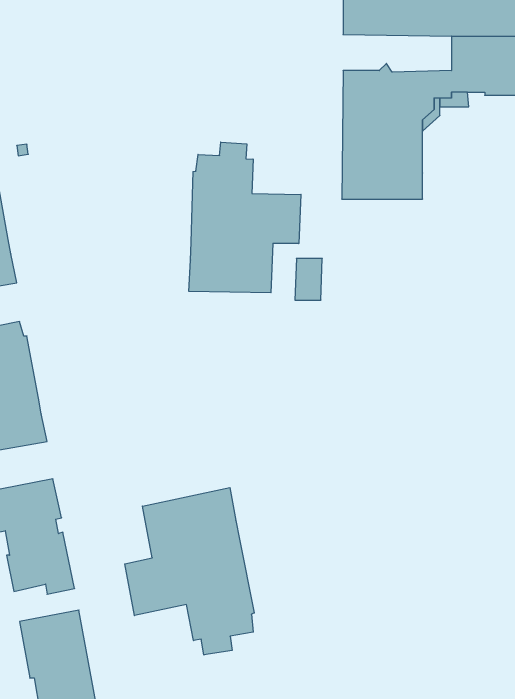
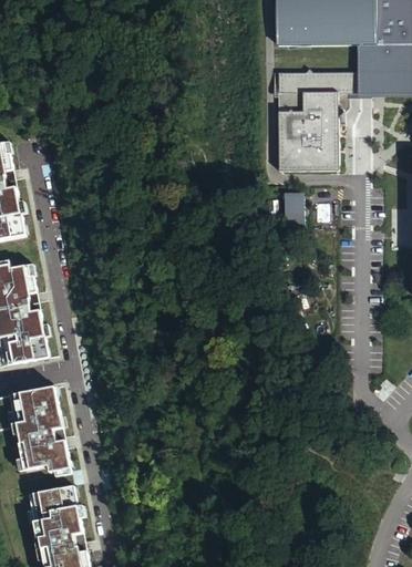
building: [189,142,301,293] -> none
building: [295,258,322,300] -> [280,197,301,229]
building: [125,488,254,655] -> none

